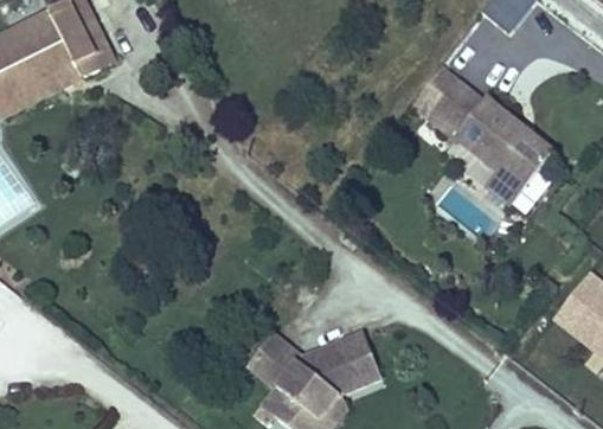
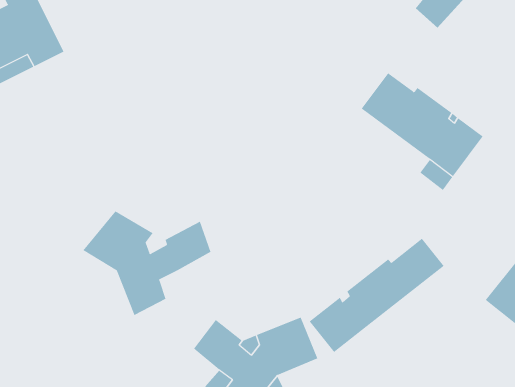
building: none -> [83,210,211,316]
building: none -> [309,238,445,353]

